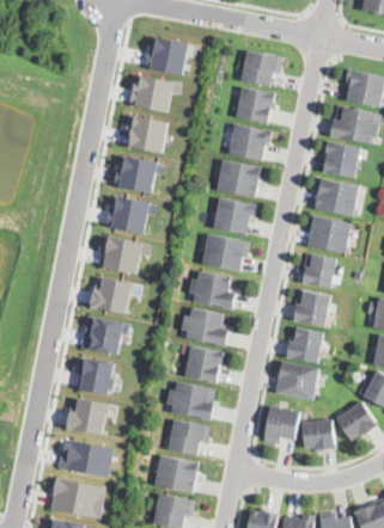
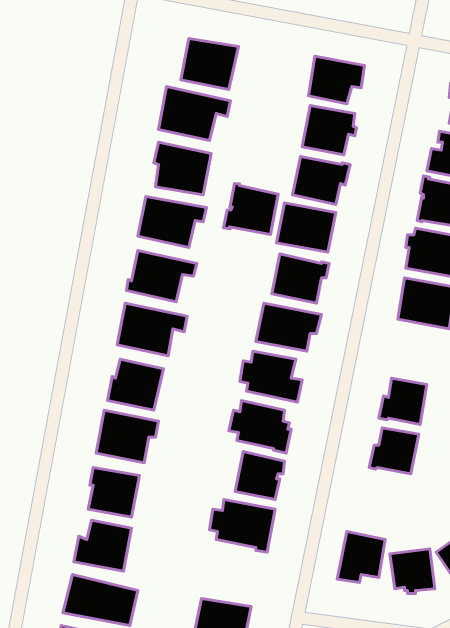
building: none -> [224,184,278,234]
building: [301,253,335,287] -> none
building: [275,361,319,399] -> none
building: [167,419,209,454] -> none

